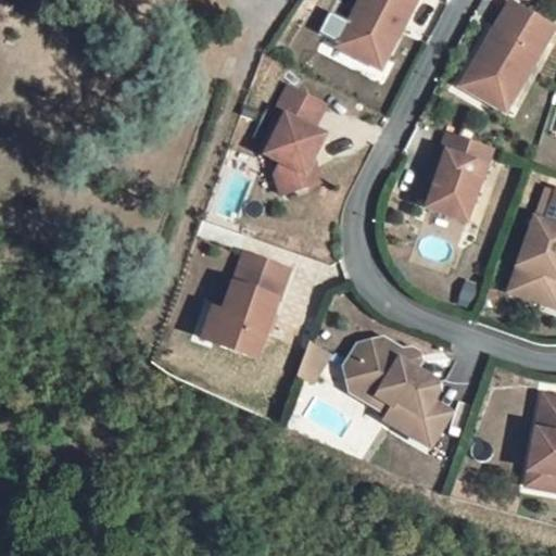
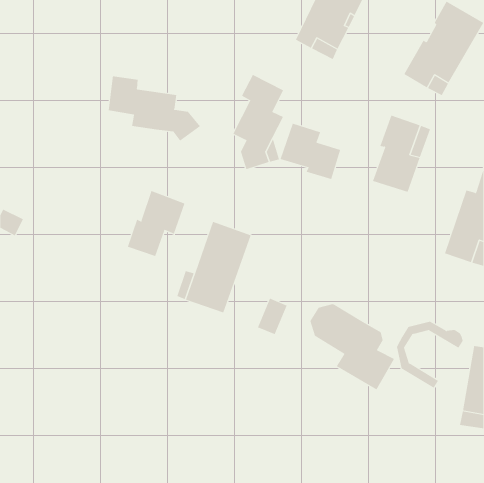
building: none -> [108,75,201,142]
building: none -> [280,123,341,180]
building: none -> [127,190,185,257]
building: [344,337,421,414] -> [396,321,464,388]

